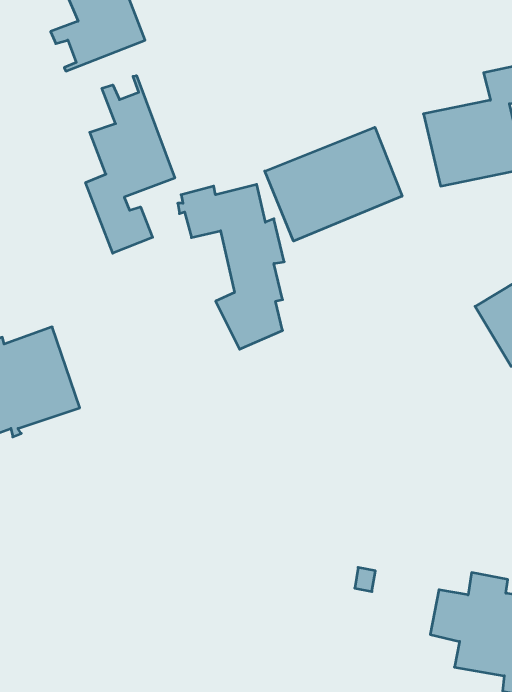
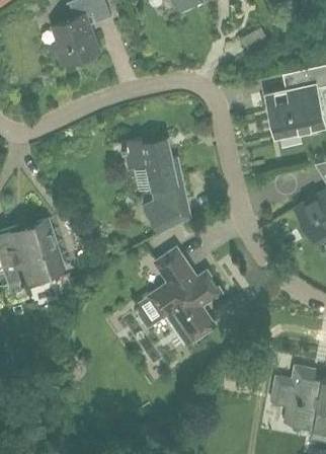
building: [86,76,175,253] -> none
building: [265,127,402,241] -> none
building: none -> [150,249,221,348]

